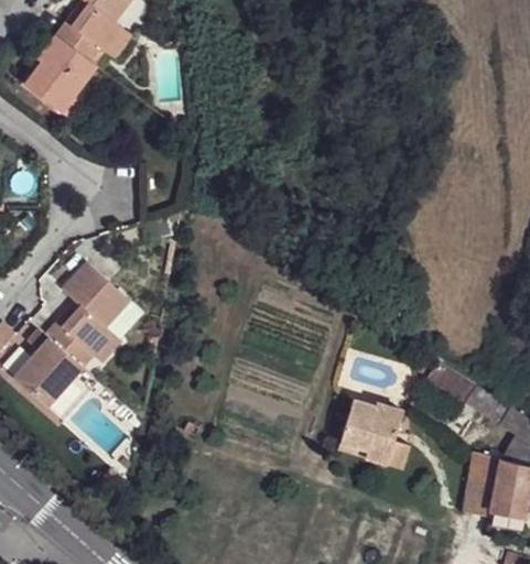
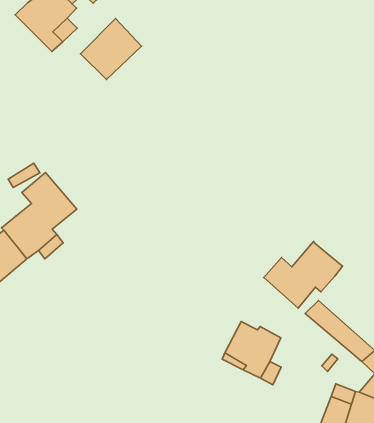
building: none -> [81,18,141,80]
building: none -> [264,241,342,308]

